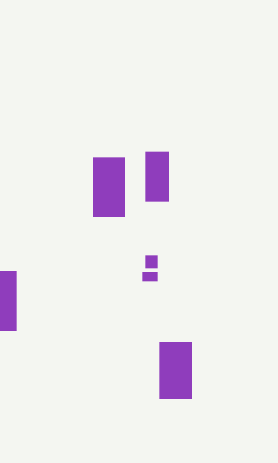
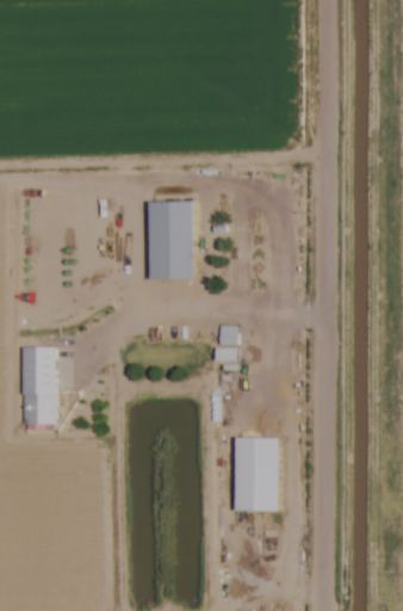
building: [145,151,170,203] -> none

